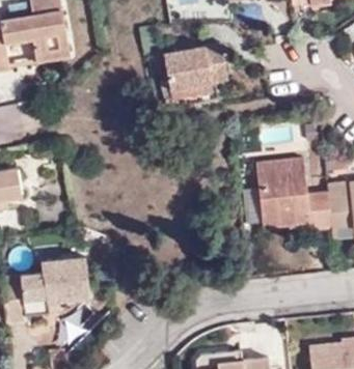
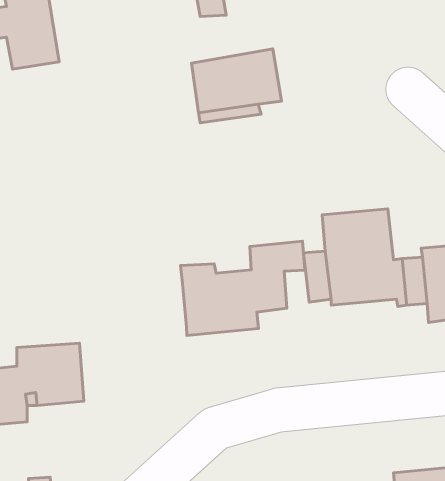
building: none -> [181,241,305,336]

